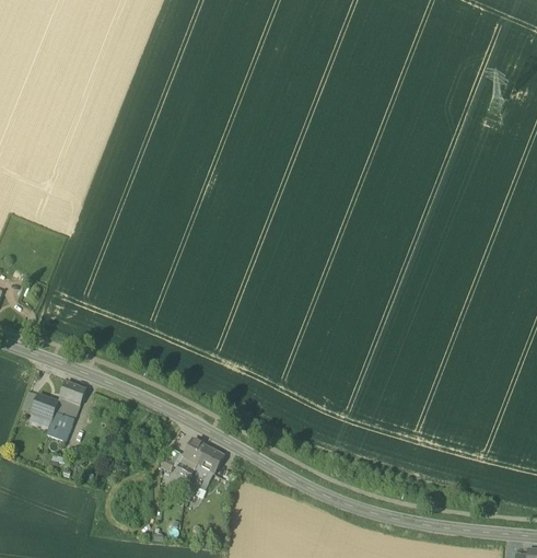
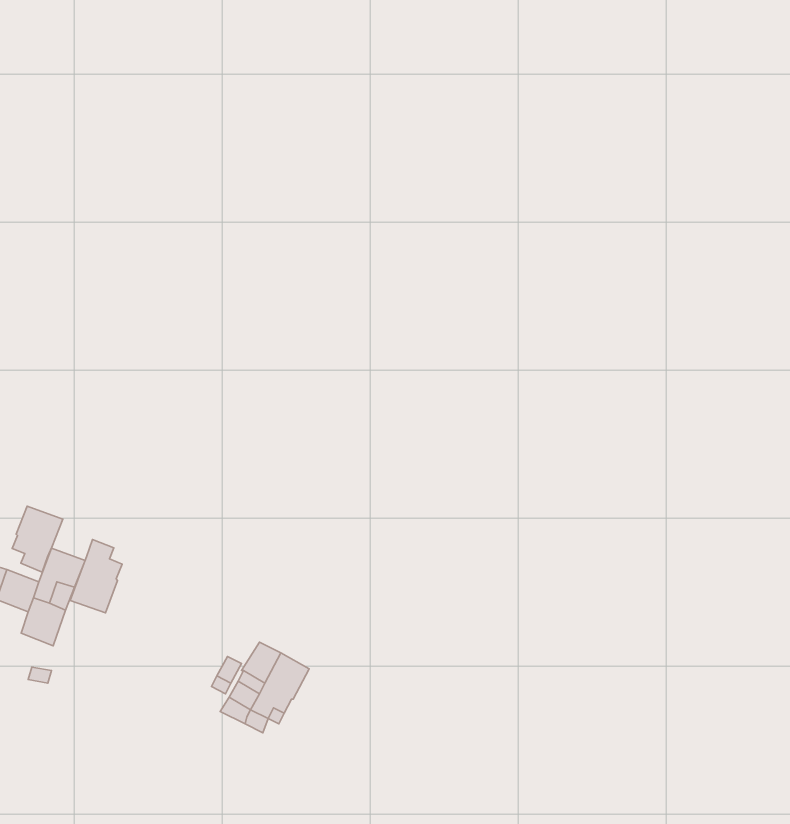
building: none -> [12,506,63,572]
building: none -> [70,539,122,613]

